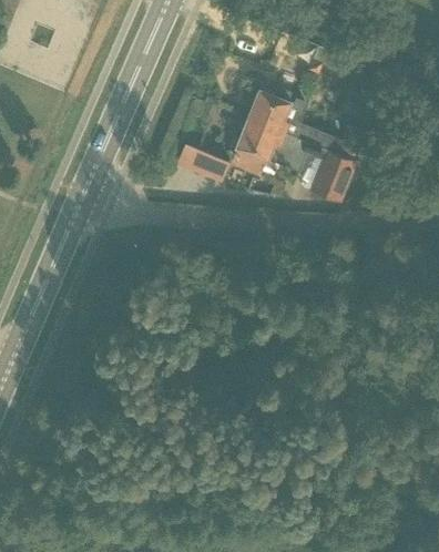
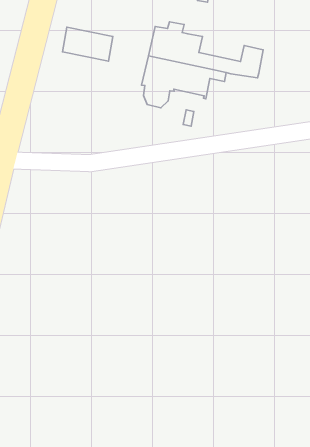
building: [175,142,229,184] -> [63,27,113,61]
building: [306,150,354,203] -> none

